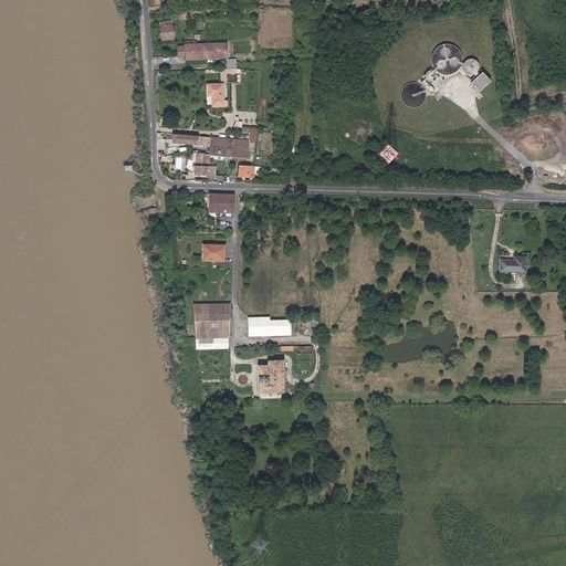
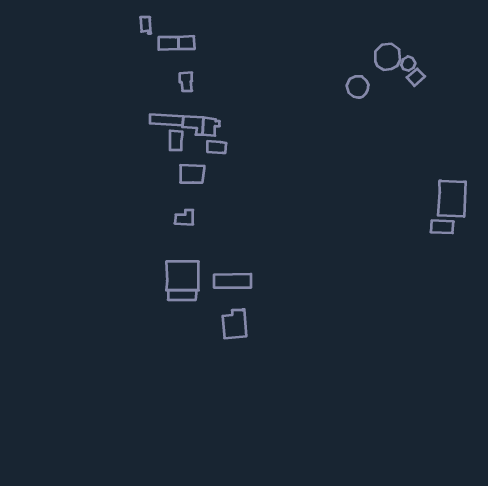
building: none -> [438,181,466,217]

